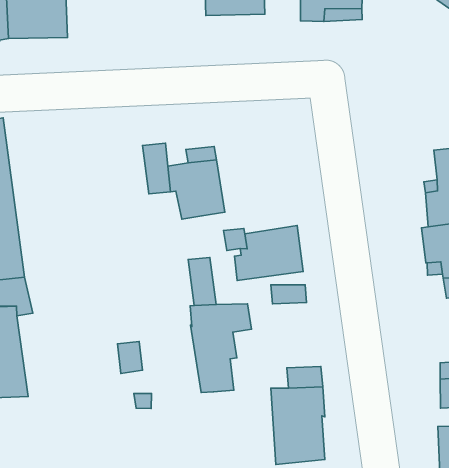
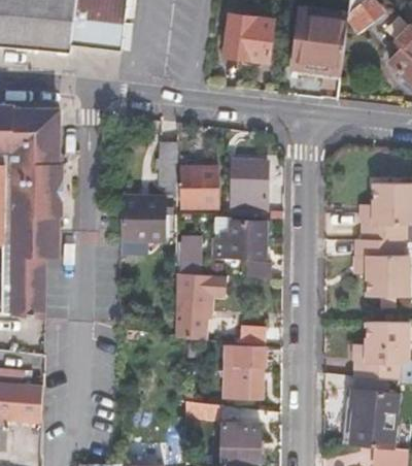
building: none -> [233,158,269,210]
building: none -> [118,198,164,259]

